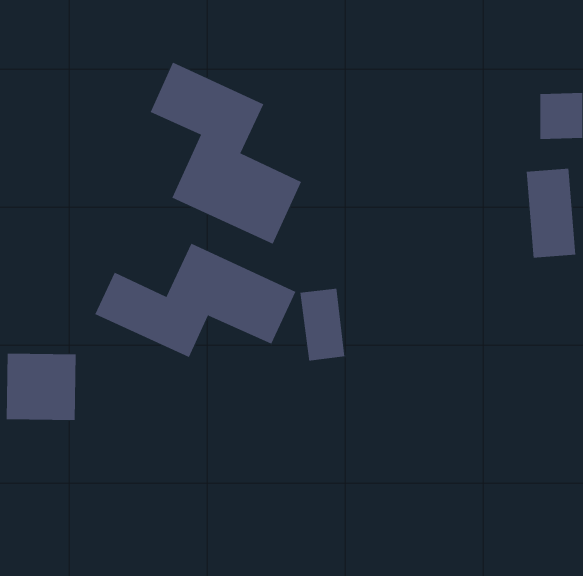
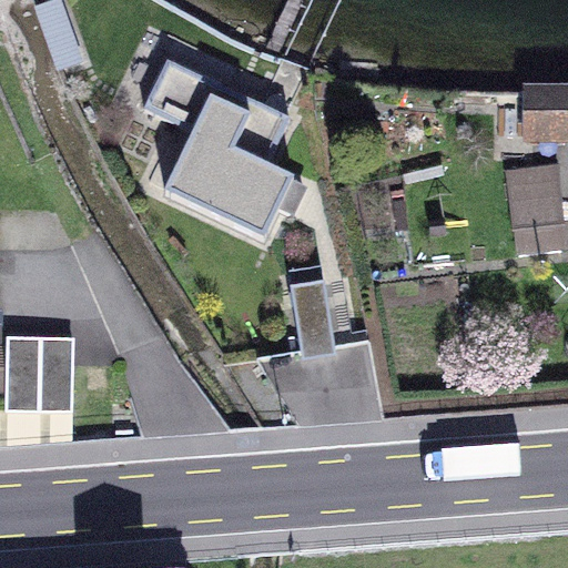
building: [95,243,296,358] -> none

